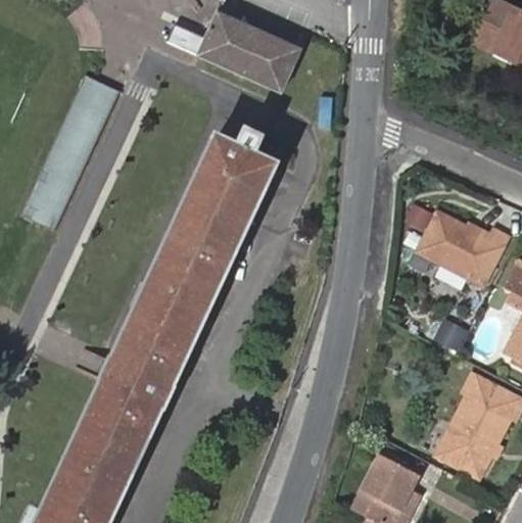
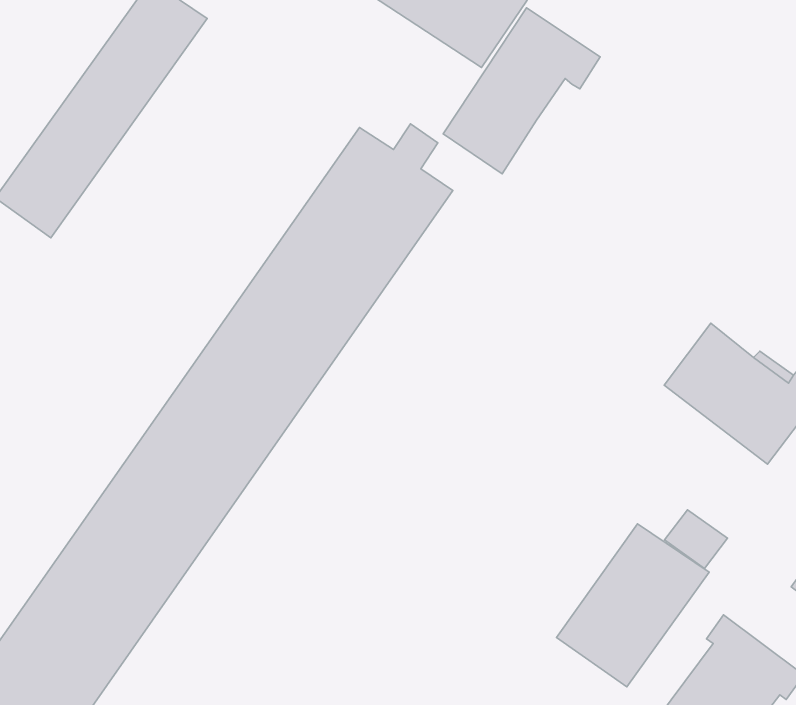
building: none -> [443,8,600,174]
building: none -> [557,524,709,687]

